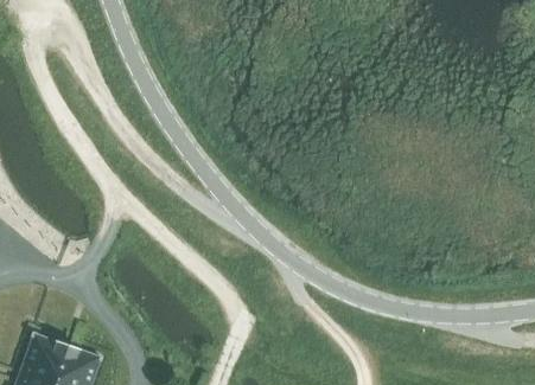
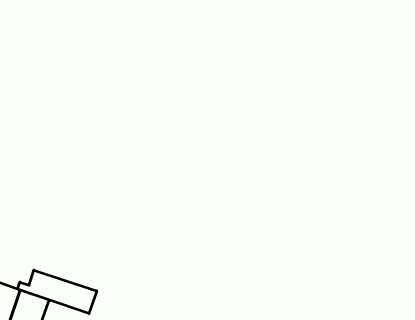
building: none -> [17,270,97,314]

